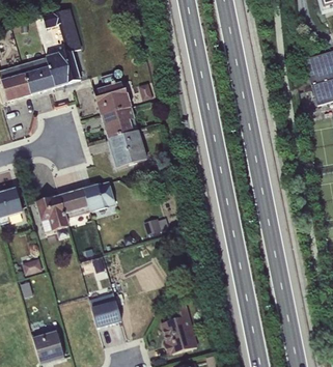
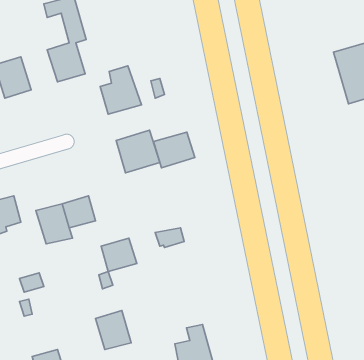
building: [22,56,55,92] -> none
building: [101,106,138,138] -> [154,132,195,168]
building: [83,180,115,210] -> [101,238,137,272]

